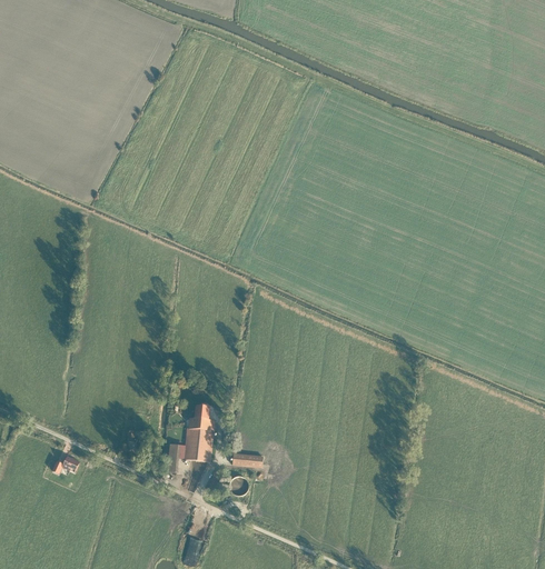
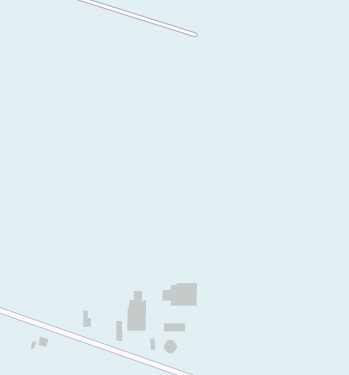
building: none -> [162,282,198,307]

